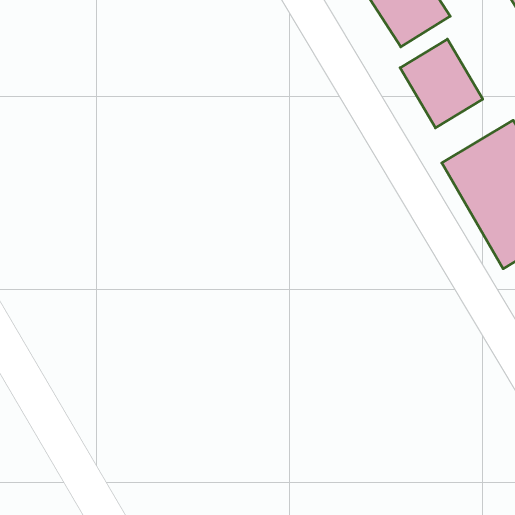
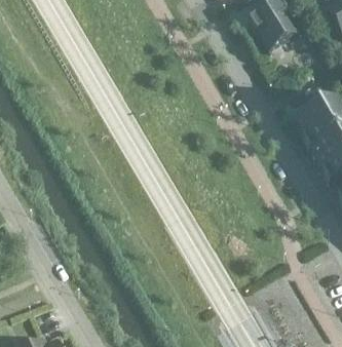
building: [400,39,483,128] -> none

